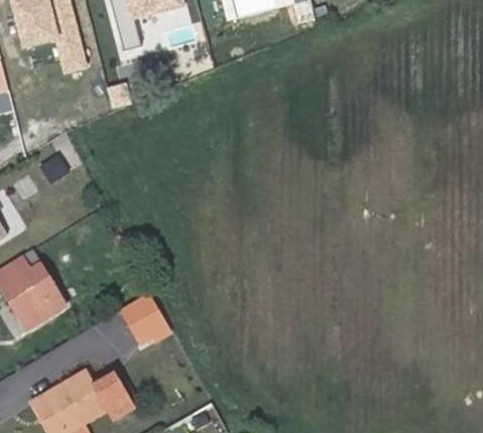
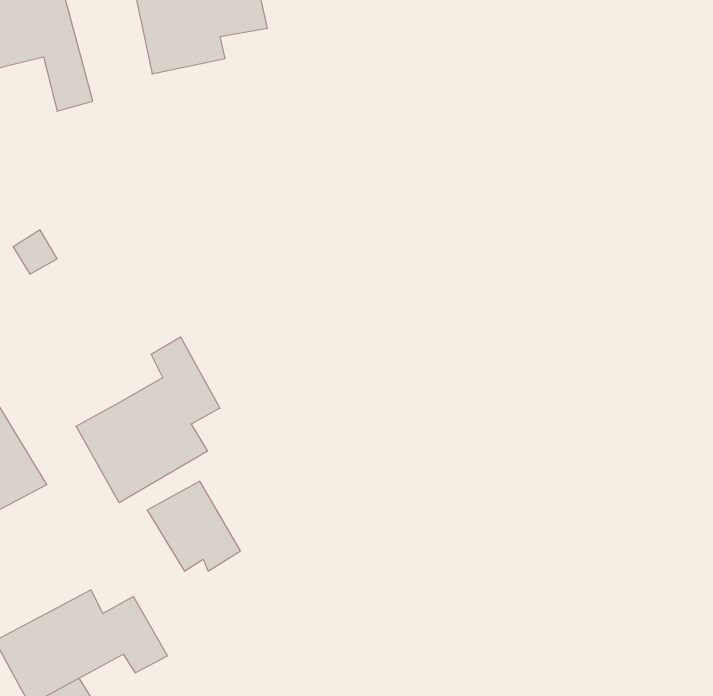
building: none -> [76,337,220,503]

